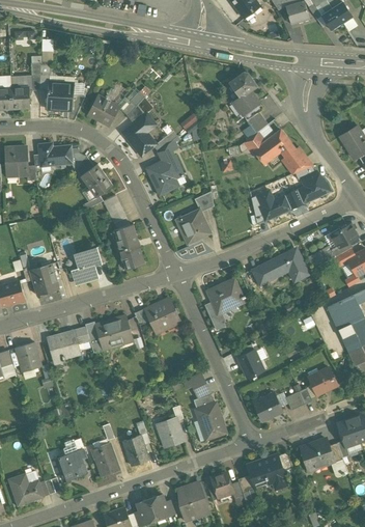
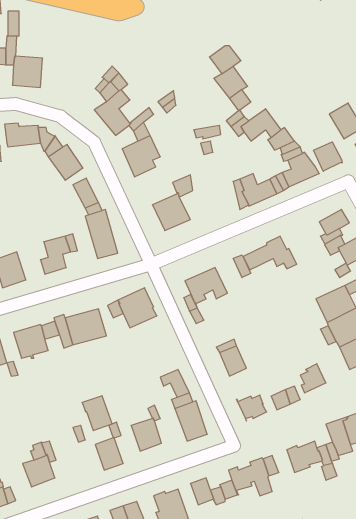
building: [88,95,118,126] -> none
building: none -> [314,142,342,171]
building: [90,444,118,476] -> [82,396,112,431]

